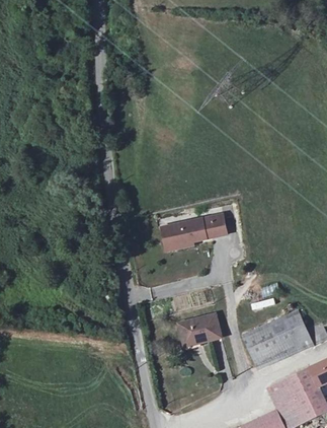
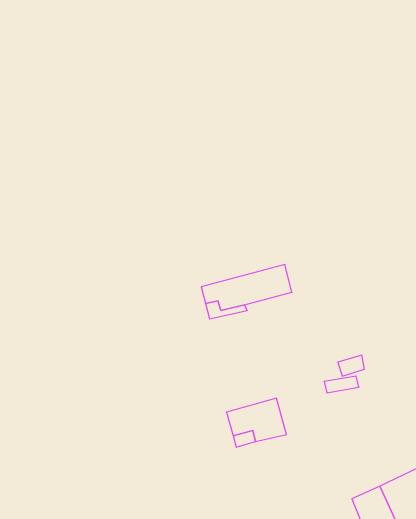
building: [244,310,309,365] -> none

